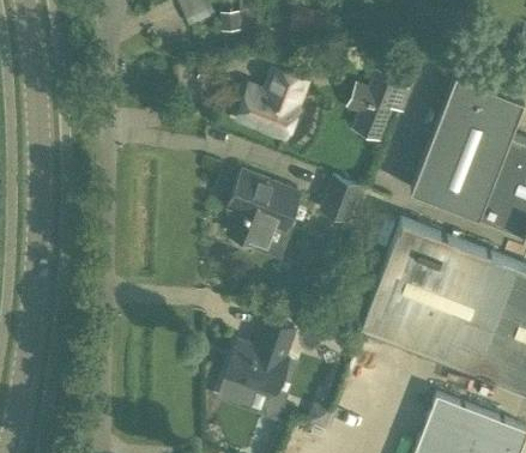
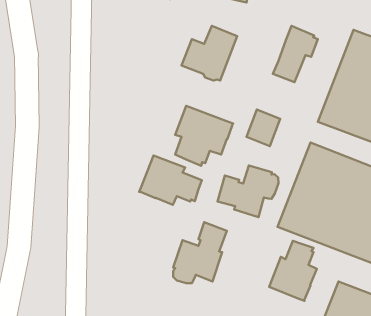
building: none -> [139,155,202,205]
building: none -> [217,165,278,217]
building: none -> [269,241,317,301]

